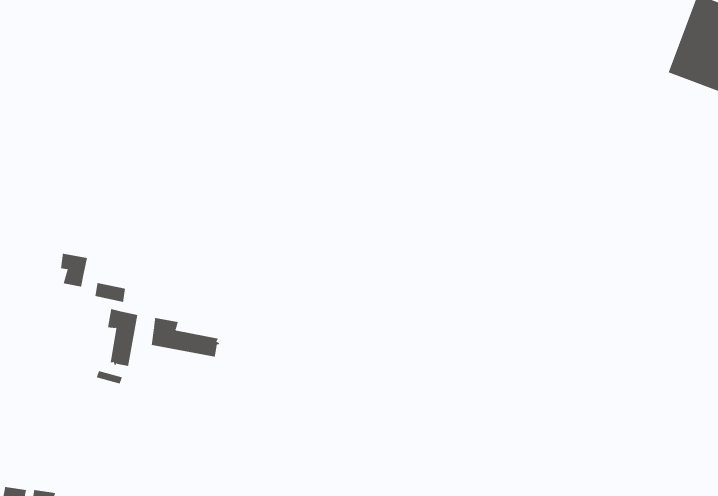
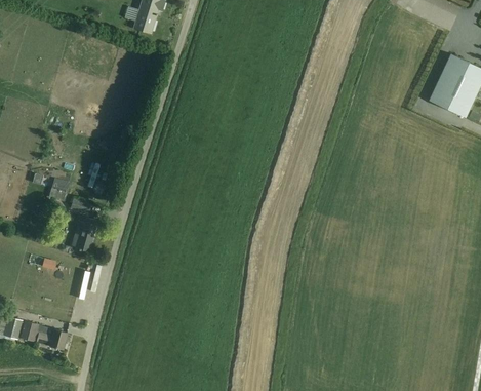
building: [151,317,220,357] -> none

